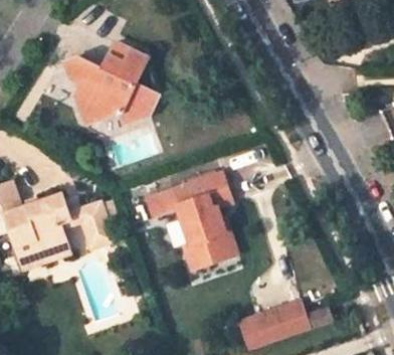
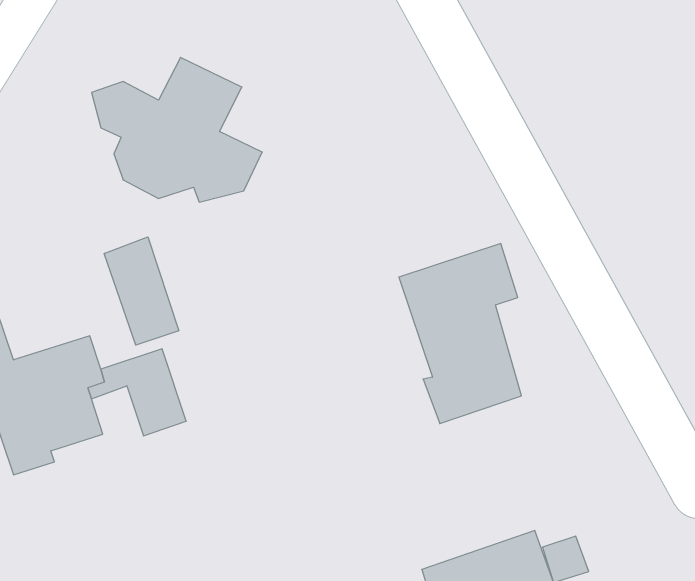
building: none -> [104,237,179,345]
building: [168,169,234,267] -> [399,244,521,424]

